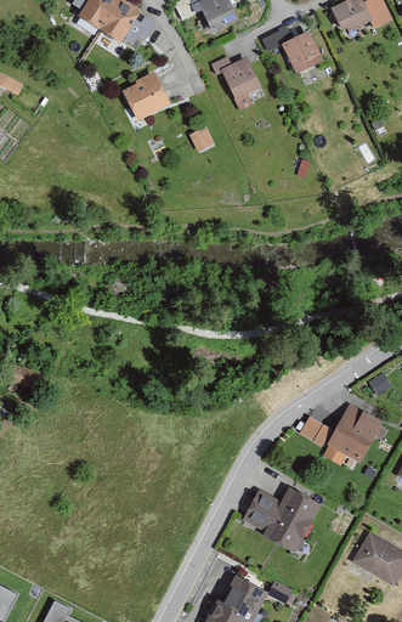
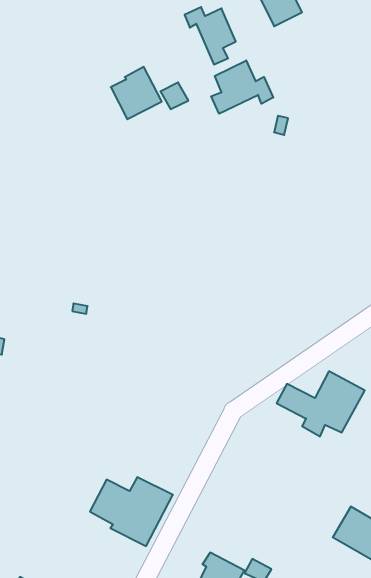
building: [121,72,170,121] -> [111,67,162,119]
building: none -> [211,60,273,114]
building: [243,486,322,552] -> [90,477,173,546]

